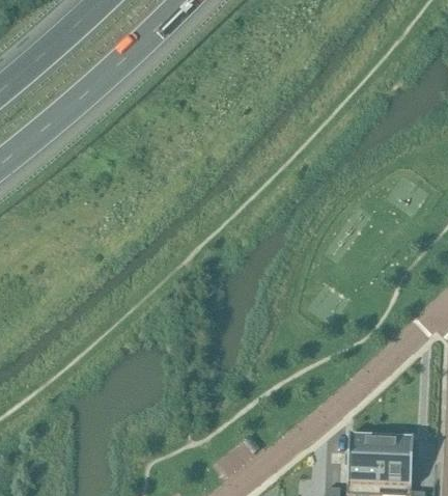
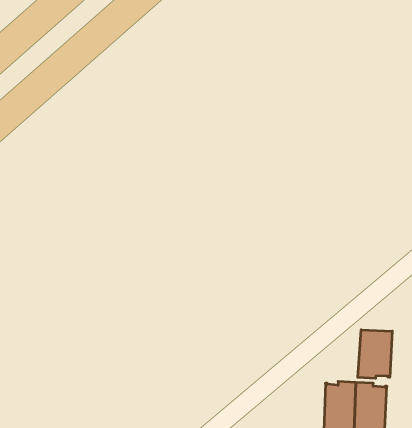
building: none -> [358,330,392,378]

